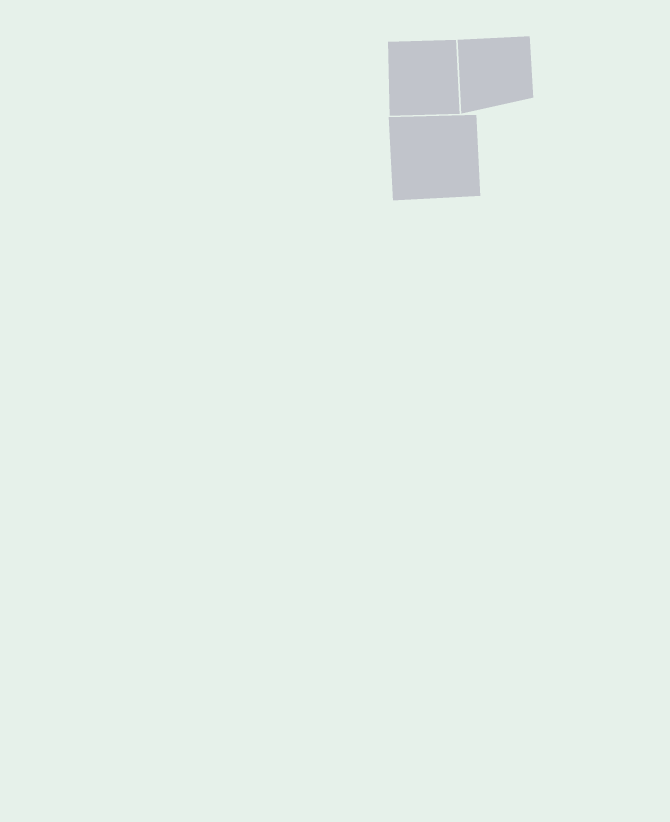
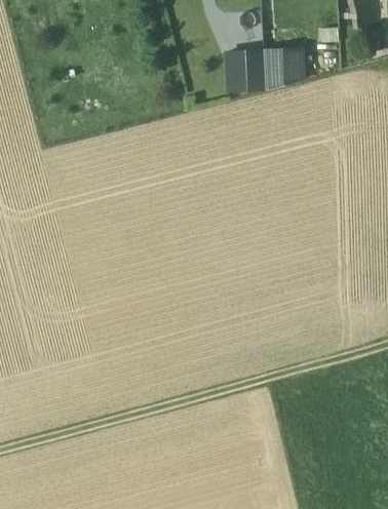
building: [388,114,481,201] -> none

